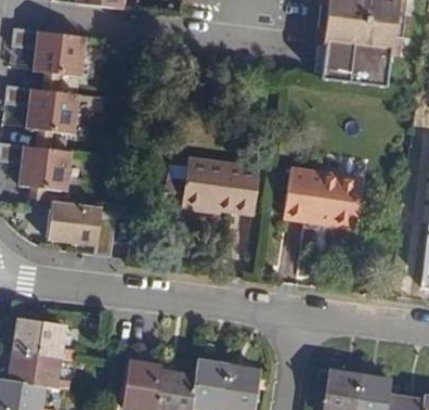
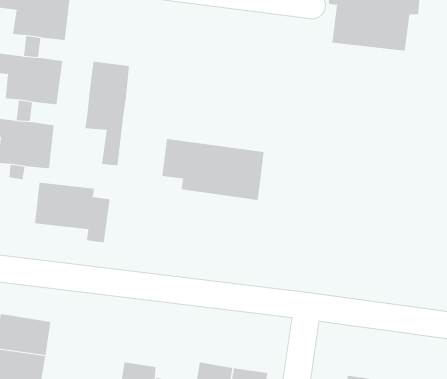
building: none -> [85,61,130,166]
building: [282,172,360,229] -> none

